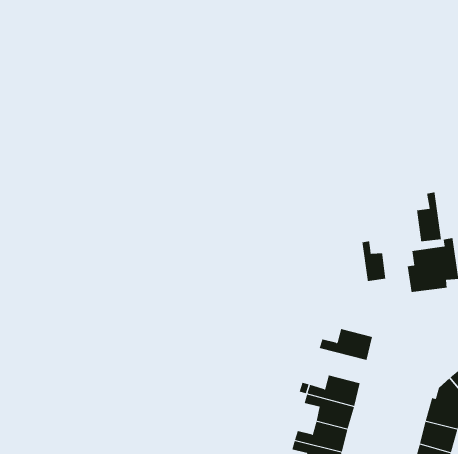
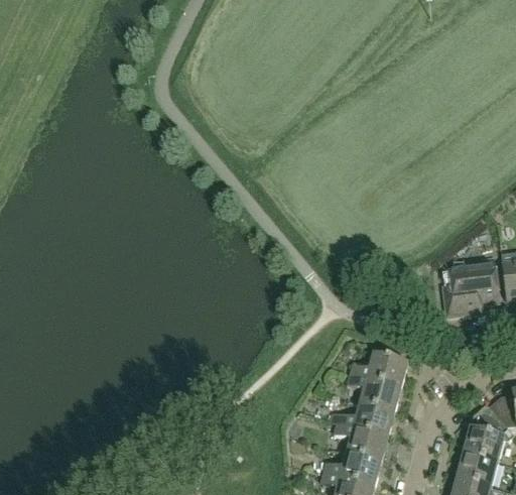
building: [417,192,442,242] -> none
building: [362,241,386,282] -> none
building: none -> [347,374,401,411]

